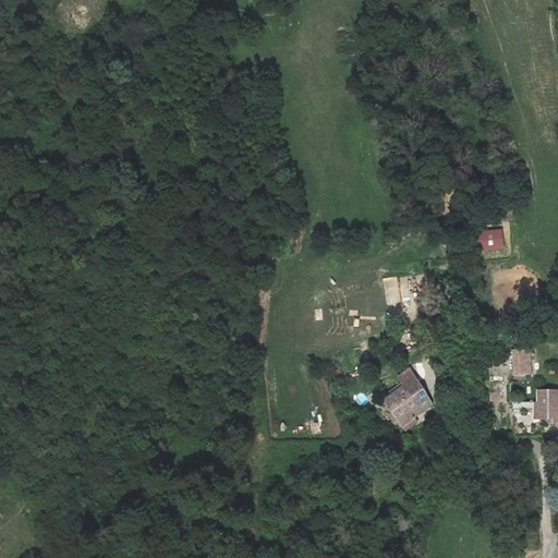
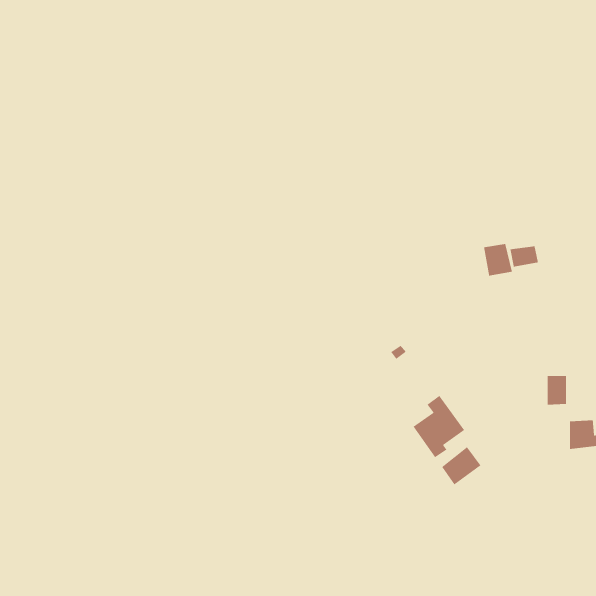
building: none -> [483,243,513,276]
building: none -> [441,446,481,485]

